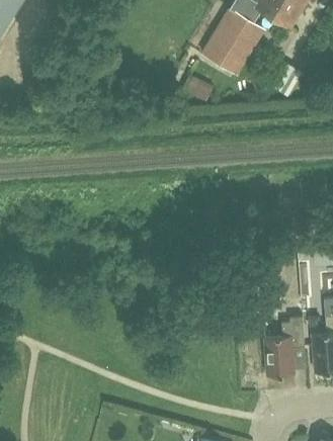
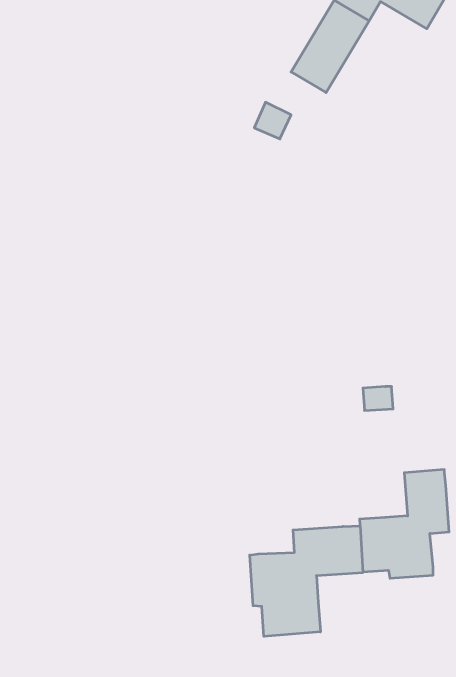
building: none -> [250,526,363,636]

